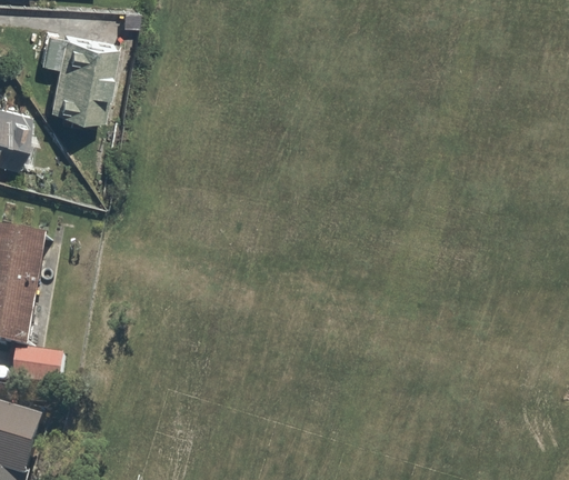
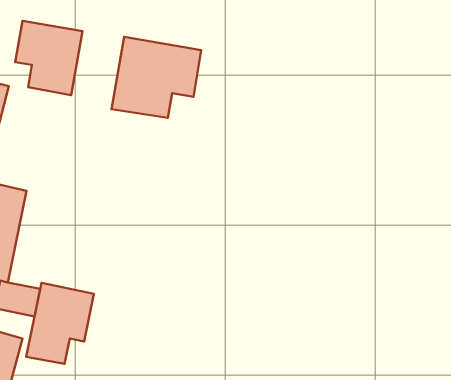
building: none -> [112,37,201,118]
building: none -> [26,283,94,364]

